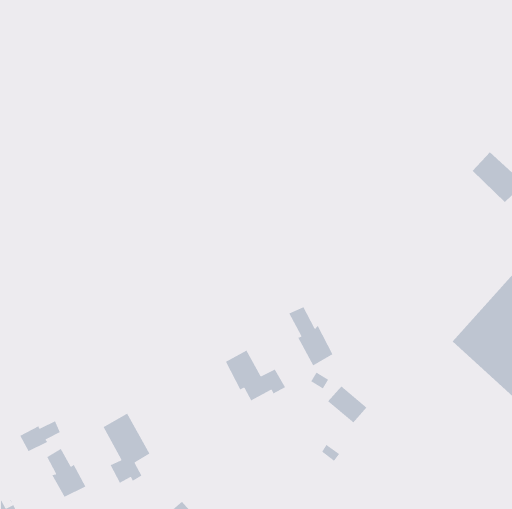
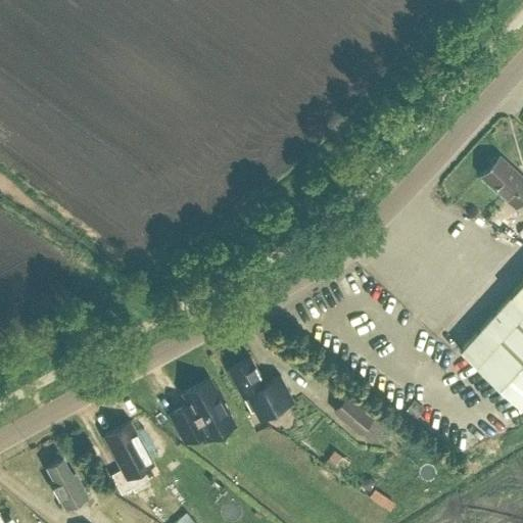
building: [288,306,333,366] -> none
building: none -> [172,382,235,445]
building: [19,420,61,452] -> none

